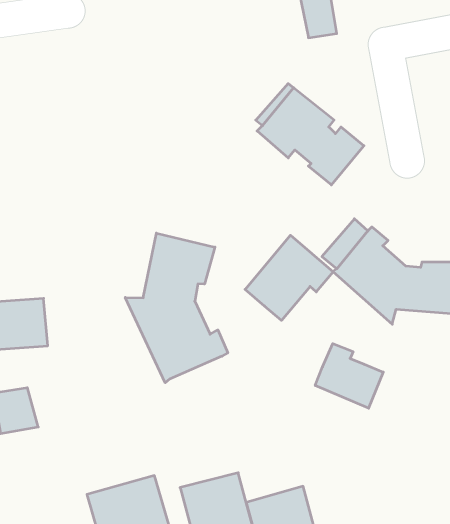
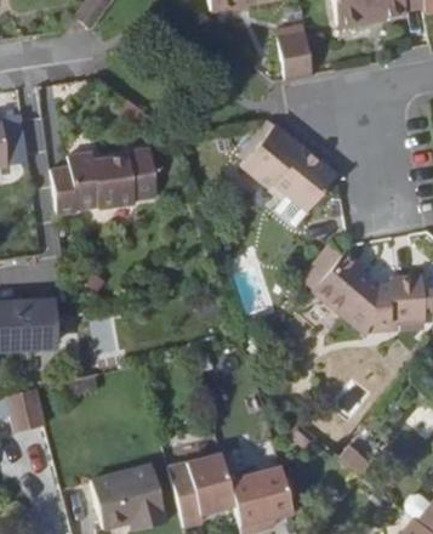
building: none -> [51,148,158,217]
building: [125,233,228,383] -> none
building: [245,235,333,320] -> none
building: [315,344,383,408] -> none

